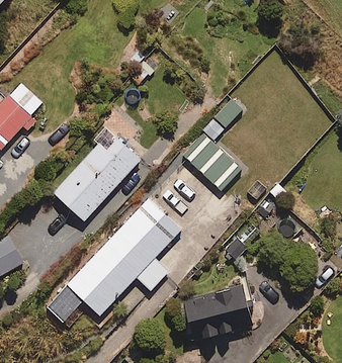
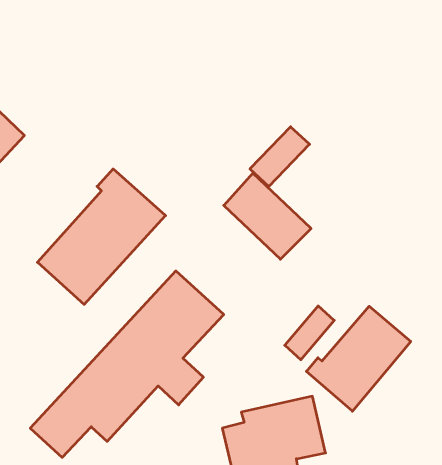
building: none -> [306,306,411,411]

